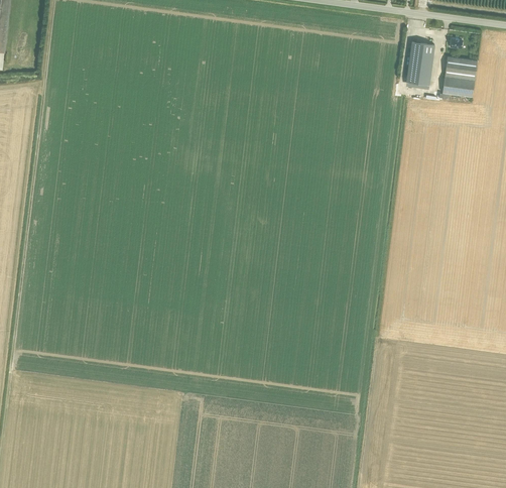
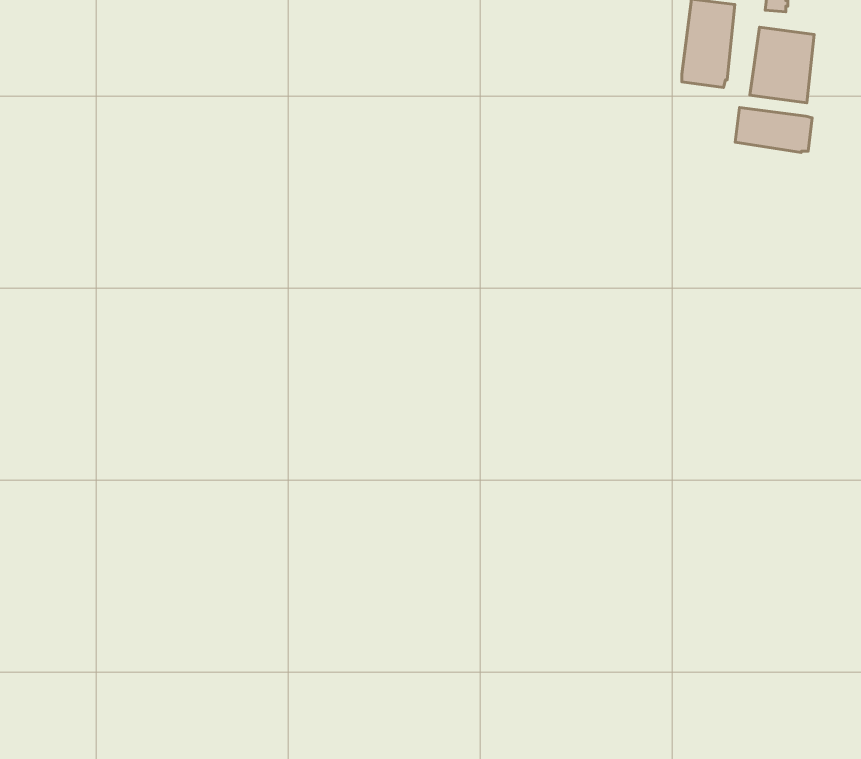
building: none -> [735,107,812,153]

